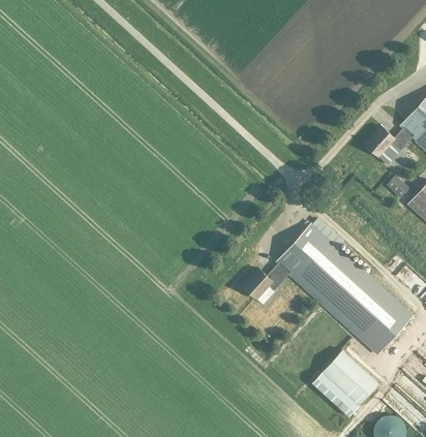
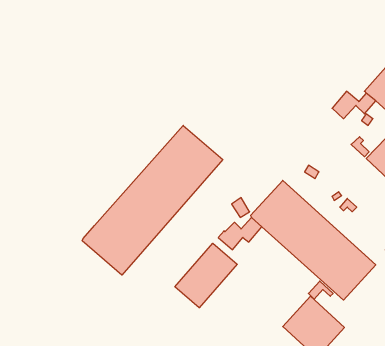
building: none -> [82,125,223,275]
building: none -> [175,243,237,308]

